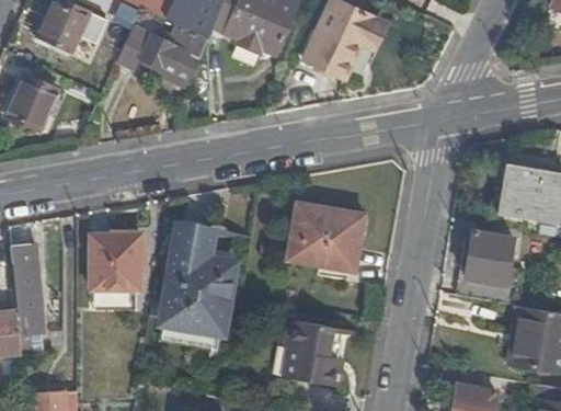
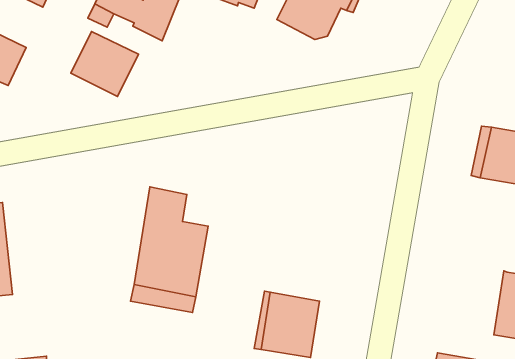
building: none -> [71,32,139,96]
building: [289,202,364,270] -> none
building: [463,230,523,305] -> none
building: [90,231,140,287] -> none

